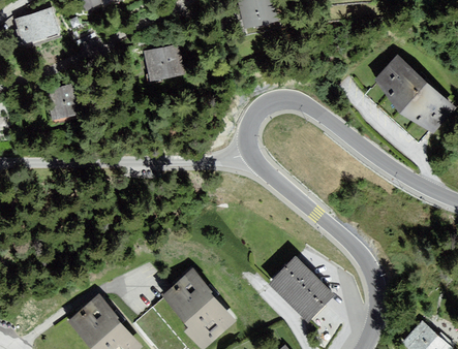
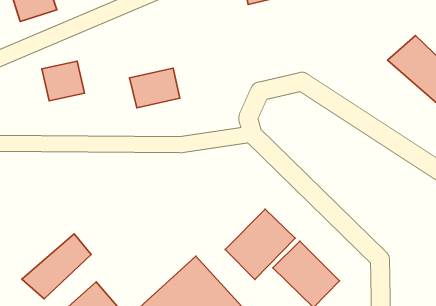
building: [143,42,191,81] -> [129,68,180,108]
building: none -> [225,209,295,280]
building: none -> [22,234,91,299]

